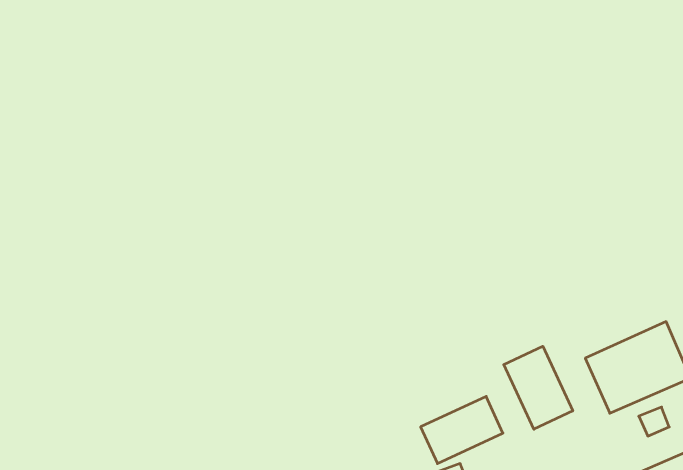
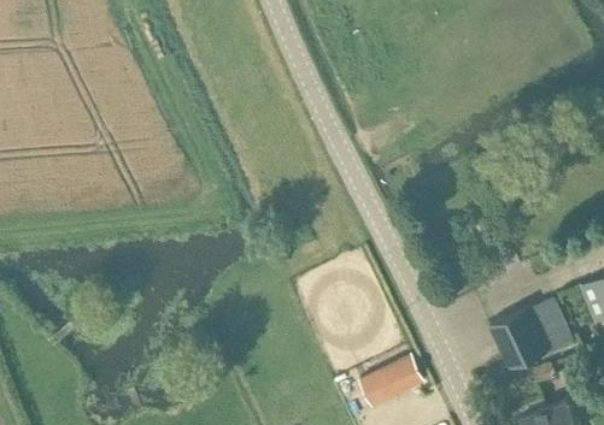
building: [504,346,573,429] -> none

